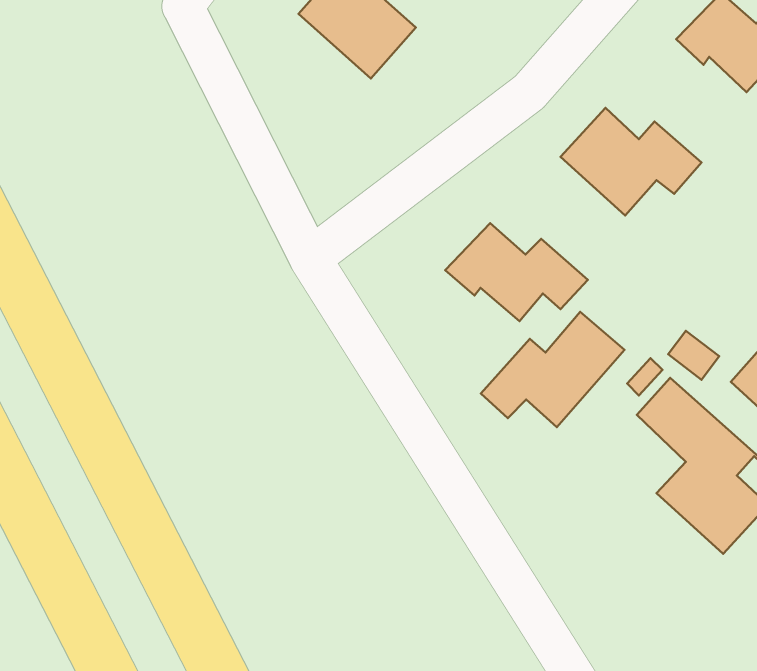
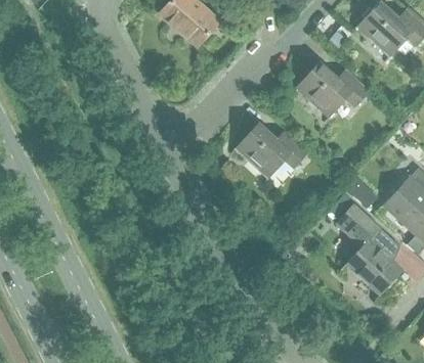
building: [481,312,624,427] -> none

